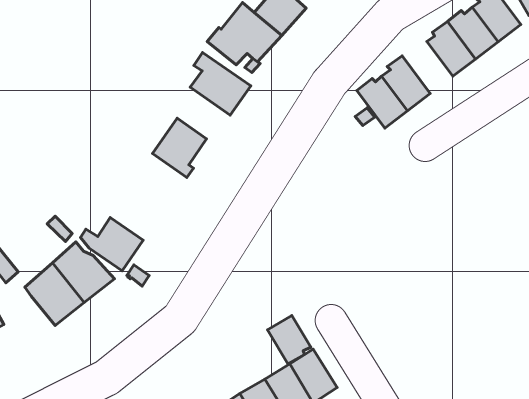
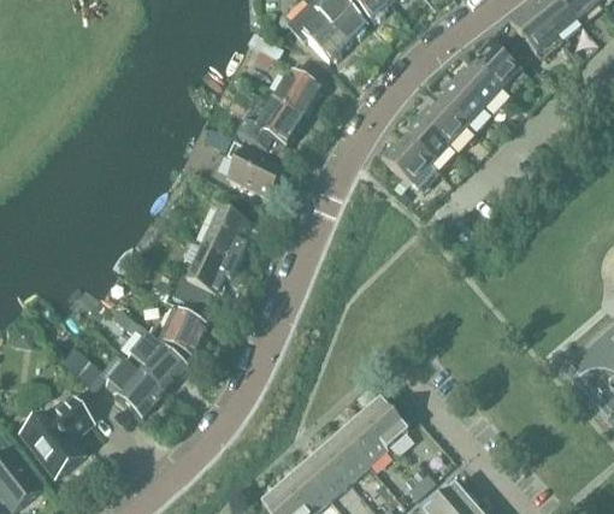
building: none -> [417,98,466,144]
building: none -> [172,242,238,308]
building: [267,315,311,364] -> none

